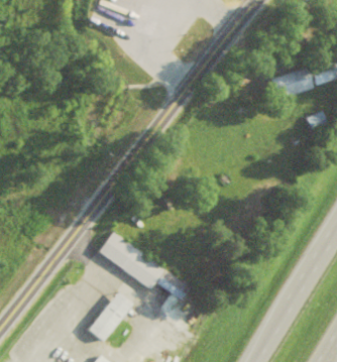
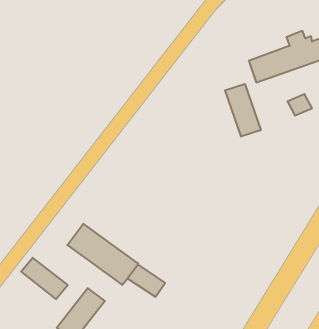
building: none -> [225,84,261,137]
building: none -> [21,258,68,299]

